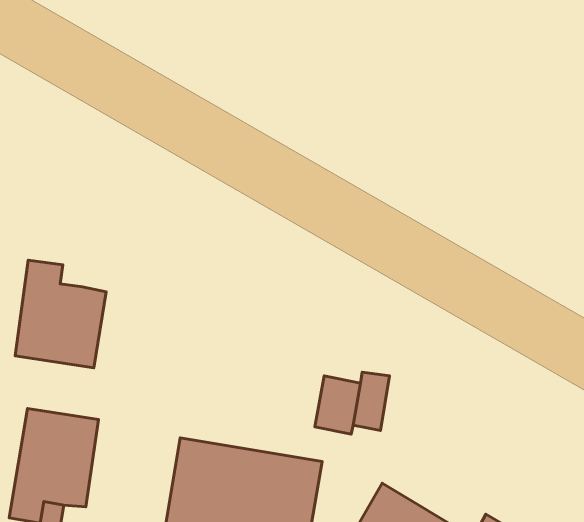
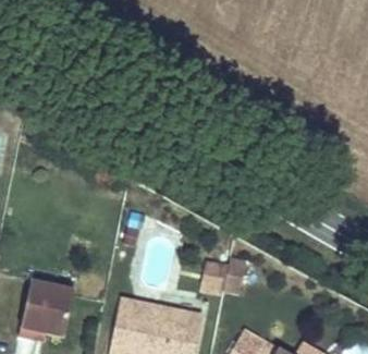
building: [15,260,106,368] -> none

